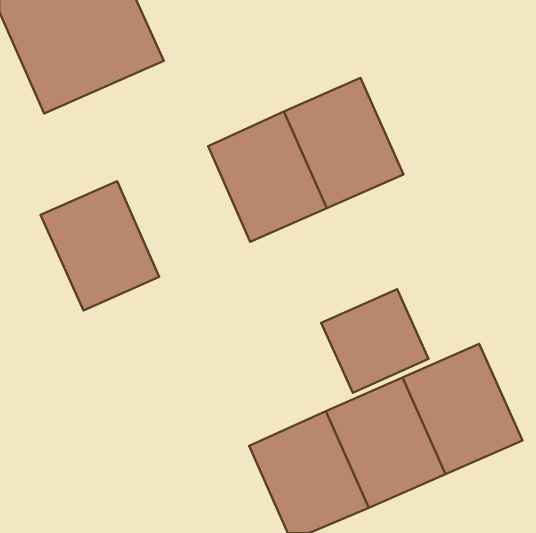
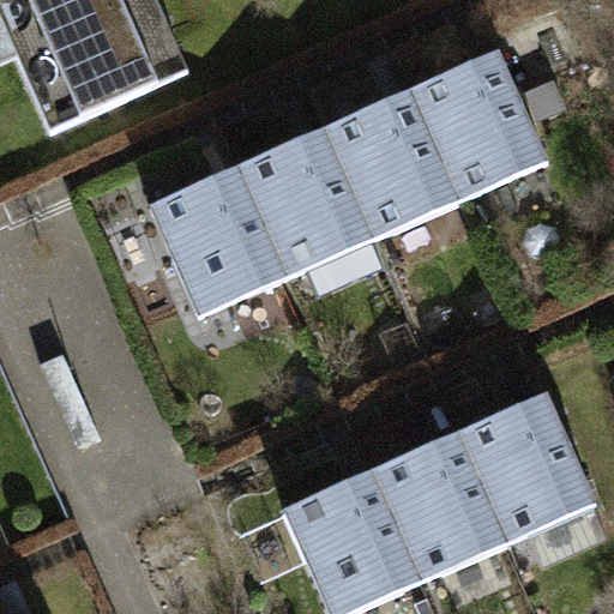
building: none -> [411,50,547,199]
building: [41,181,159,311] -> [150,167,285,314]
building: [321,289,429,393] -> none

